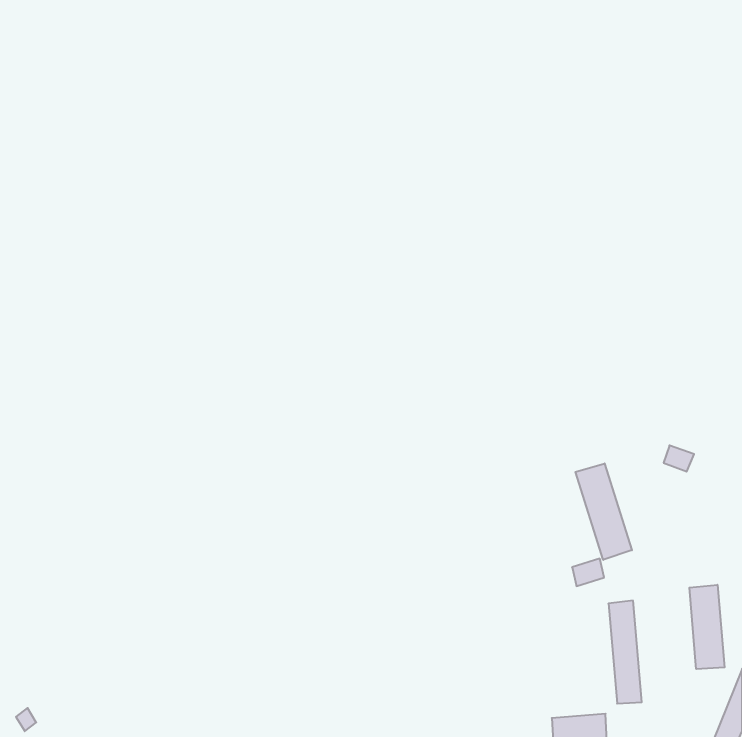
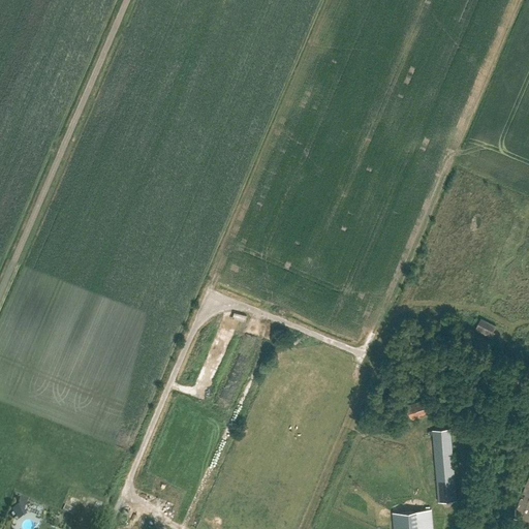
building: [575,463,632,560] -> none
building: [689,585,725,669] -> none

